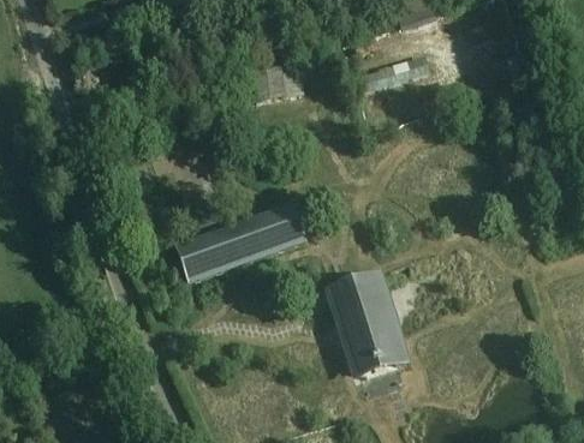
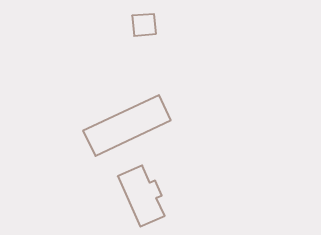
building: [336,282,399,371] -> [118,165,165,227]

